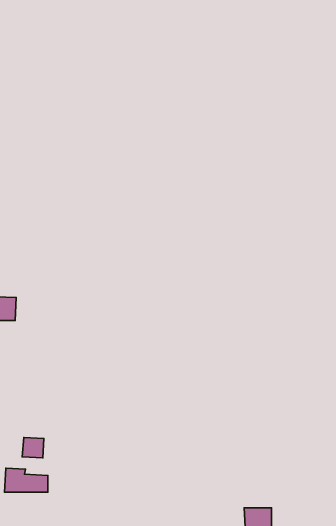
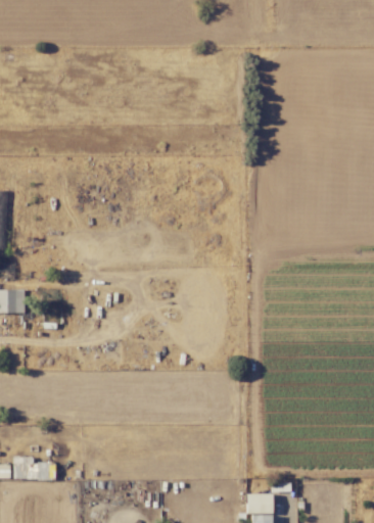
building: [22,437,44,458] -> none

